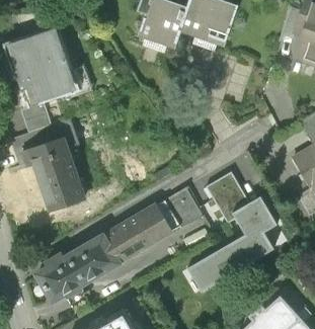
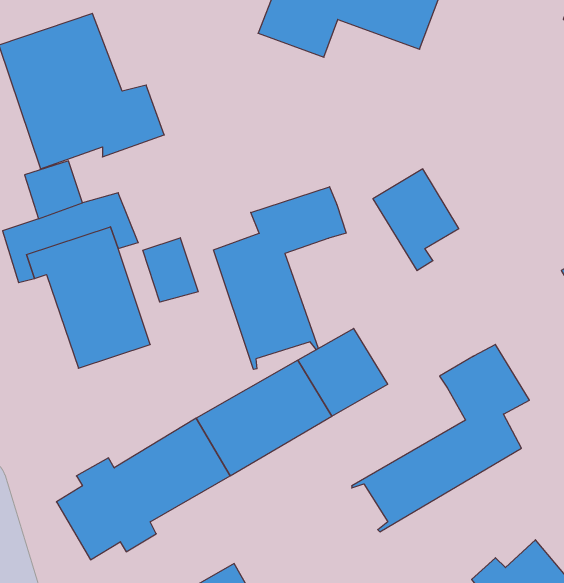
building: none -> [214,187,346,369]
building: none -> [143,238,198,302]
building: [205,171,248,223] -> [373,169,459,271]

